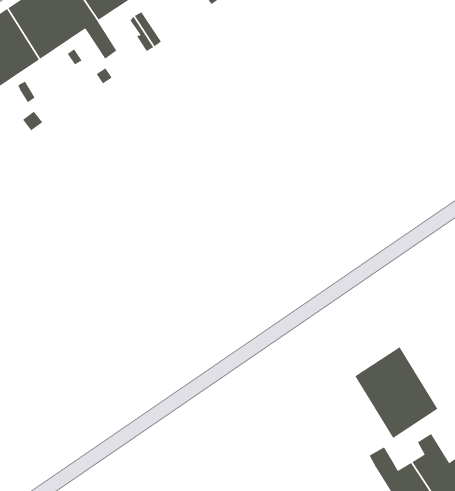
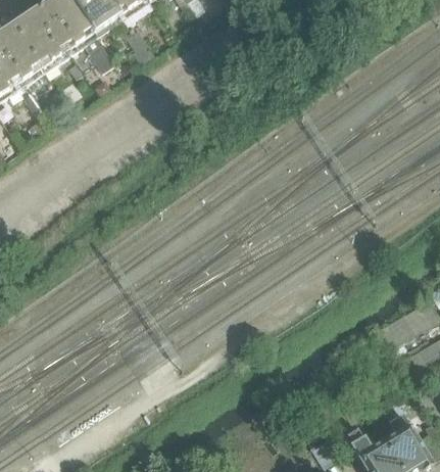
building: [354,346,438,439] -> none

